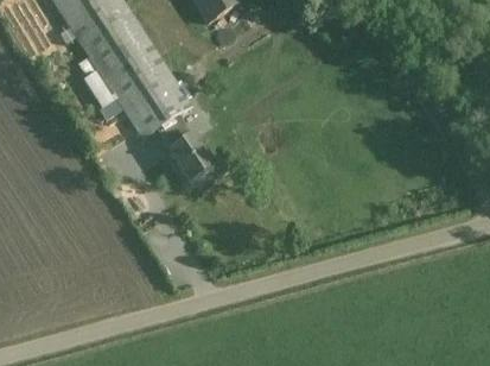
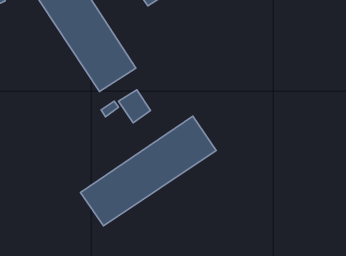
building: none -> [81,116,216,226]

